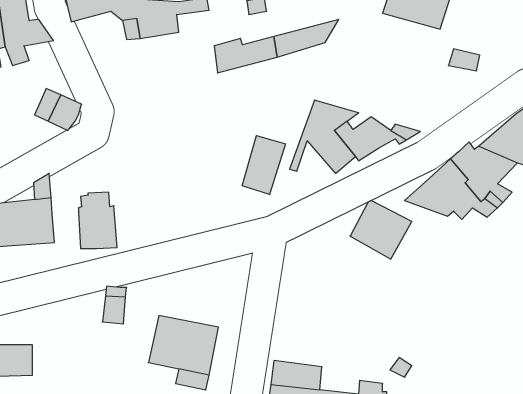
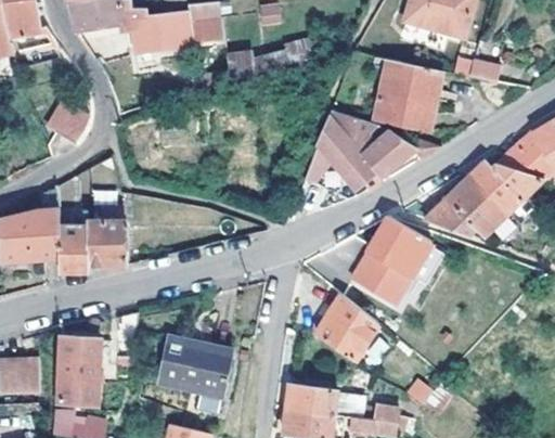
building: none -> [371,59,441,132]
building: [242,136,286,195] -> none
building: none -> [59,229,88,274]
building: none -> [353,254,410,302]
building: none -> [315,292,374,356]
building: none -> [56,338,106,412]

